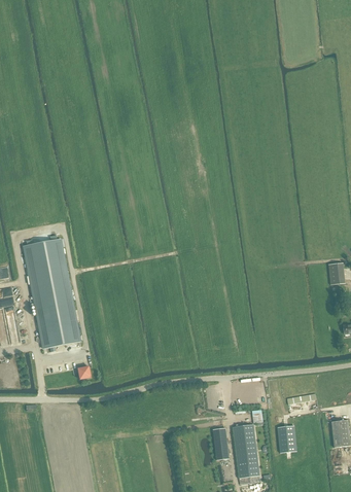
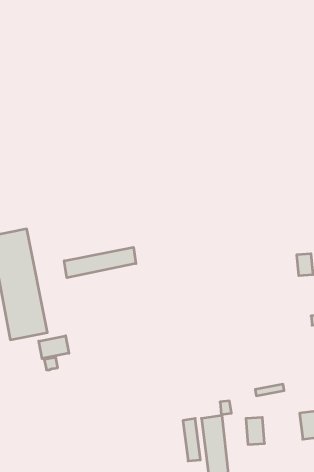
building: none -> [64,247,136,278]
building: none -> [39,336,69,359]

